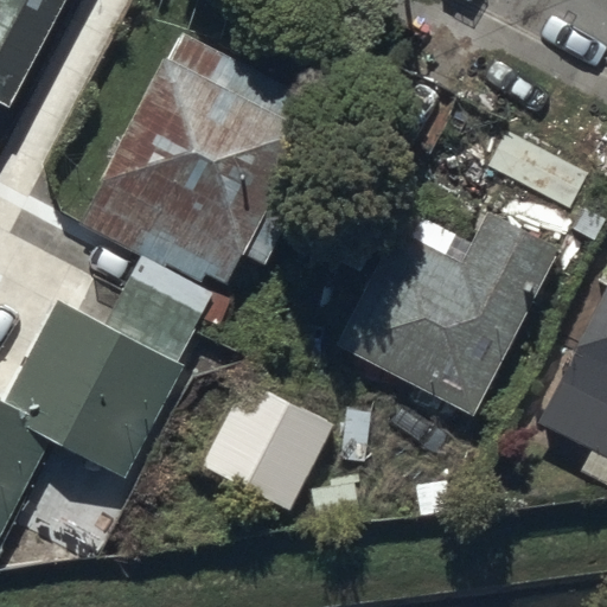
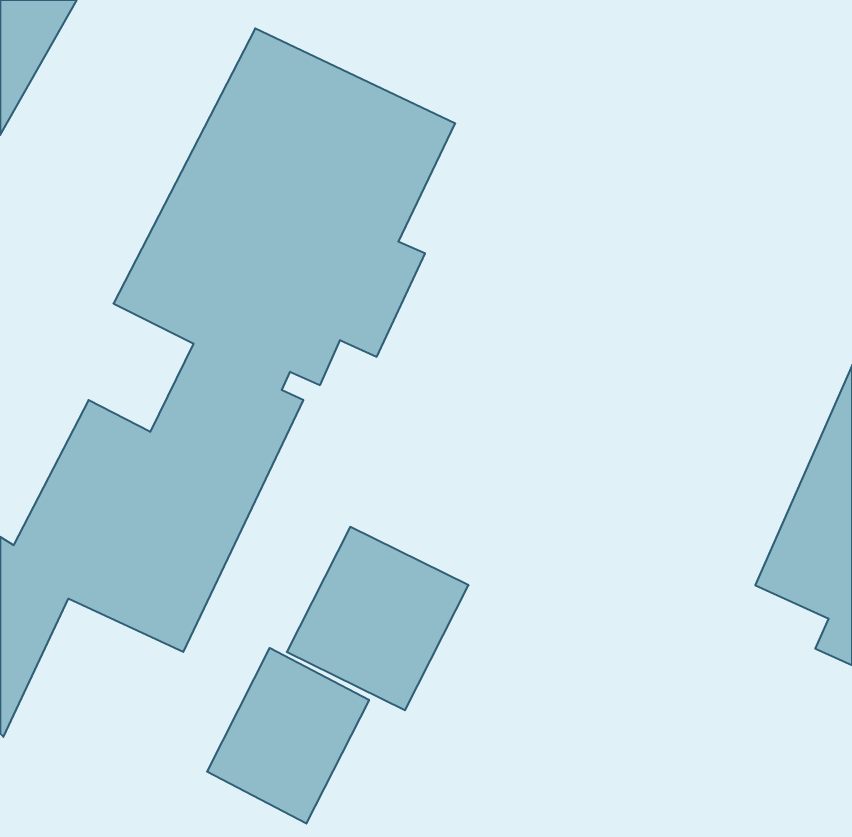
building: [332,209,556,416] -> none
building: none -> [207,648,369,824]

